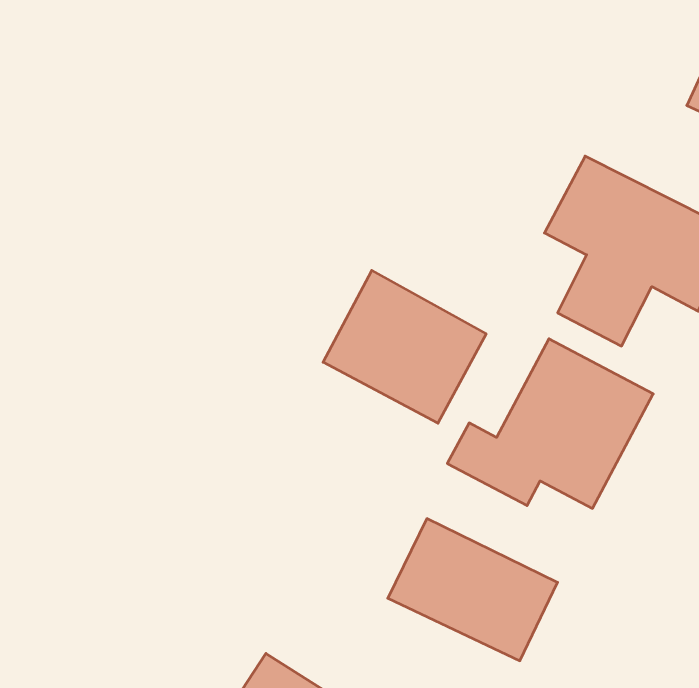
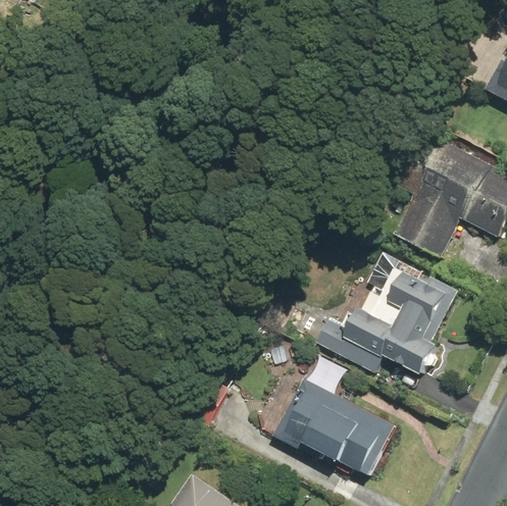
building: [323,270,486,423] -> none

